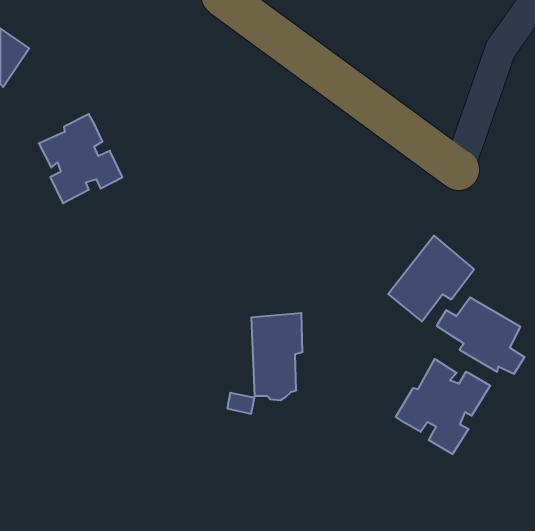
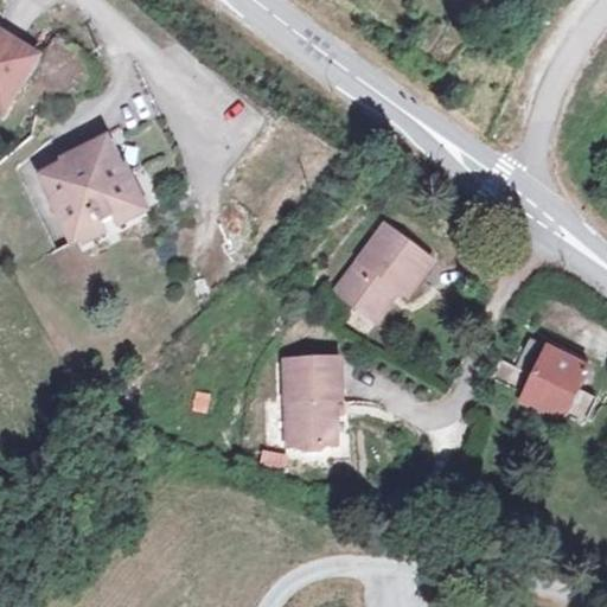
building: [388,236,474,321] -> [334,224,432,321]
building: [396,359,490,454] -> none

